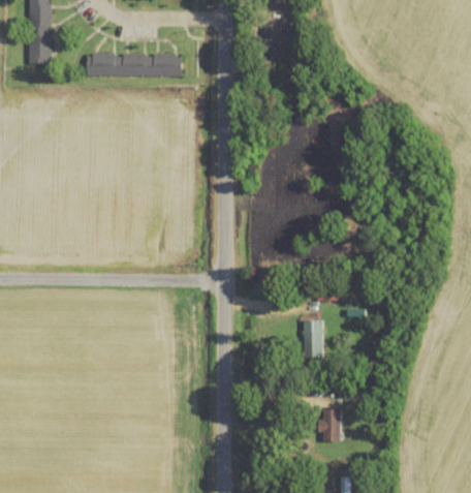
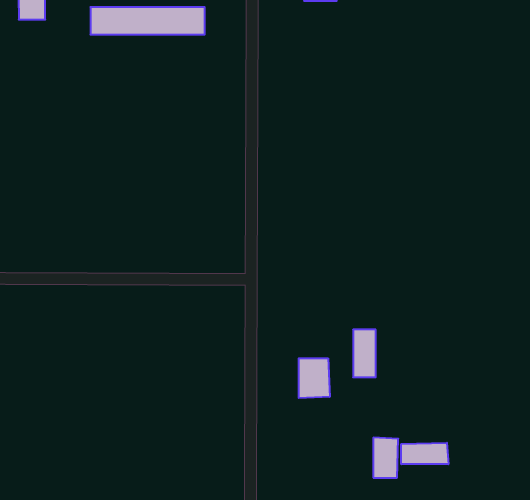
building: none -> [299,358,330,398]
building: none -> [401,443,448,464]

